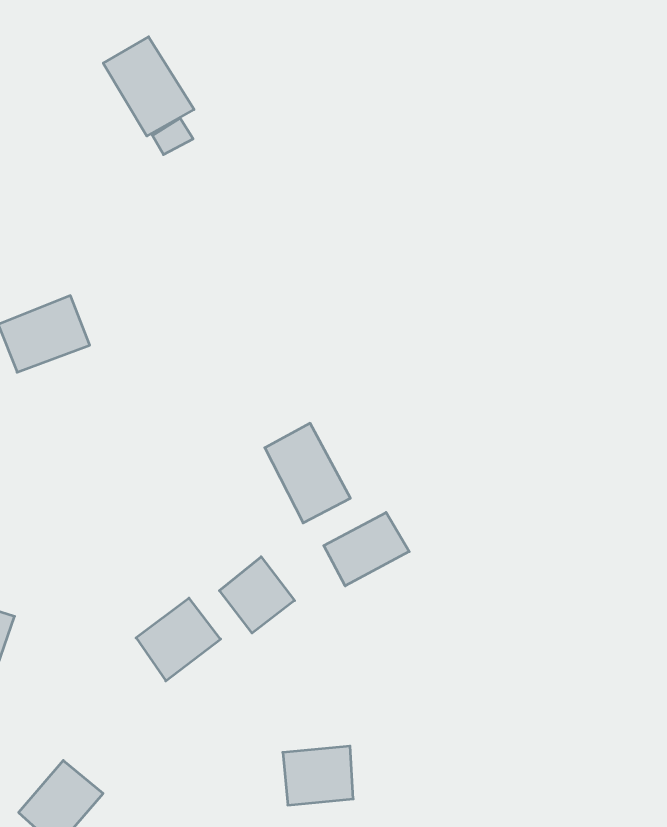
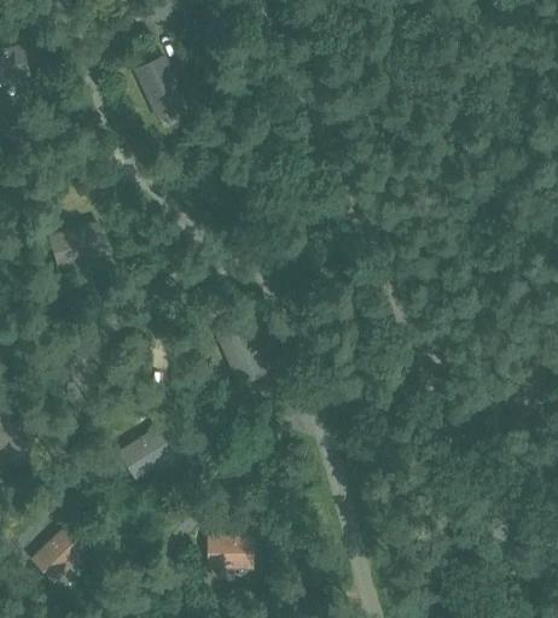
building: [324,512,409,586] -> none
building: [219,557,295,633] -> none

